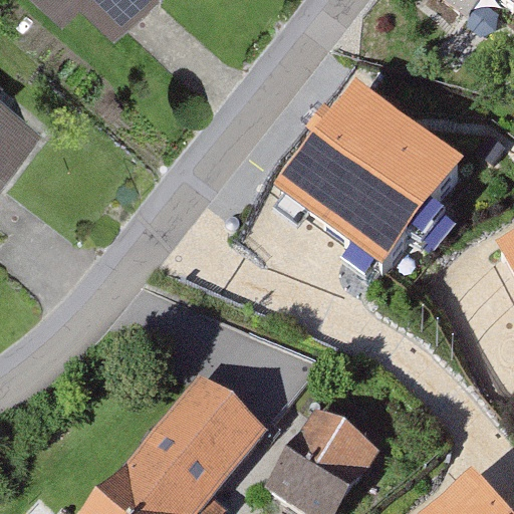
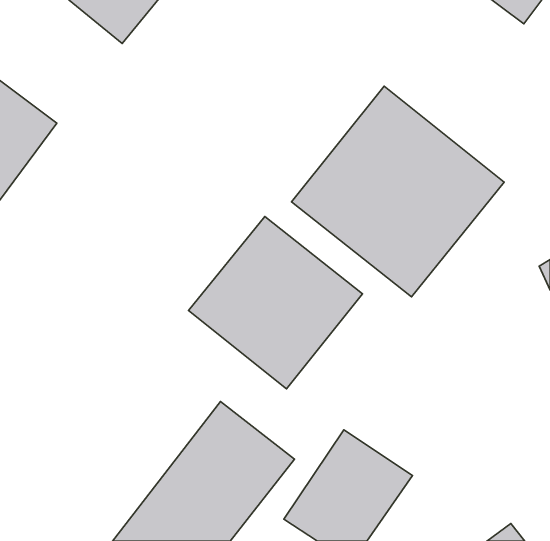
building: none -> [188,216,363,389]

